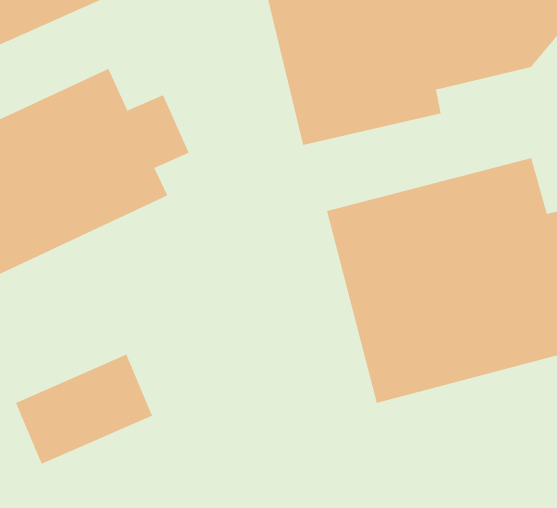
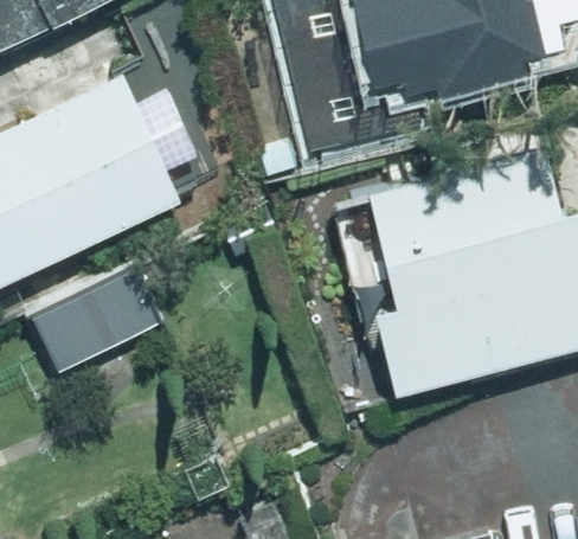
building: [15,354,153,465] -> [30,264,167,374]

